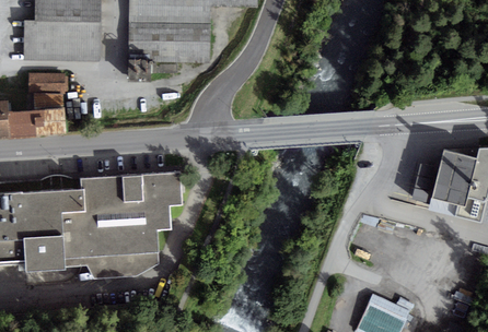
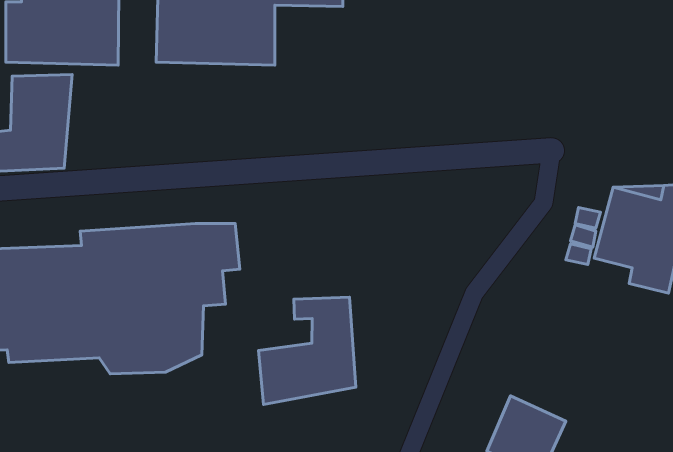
building: none -> [258,297,356,405]

